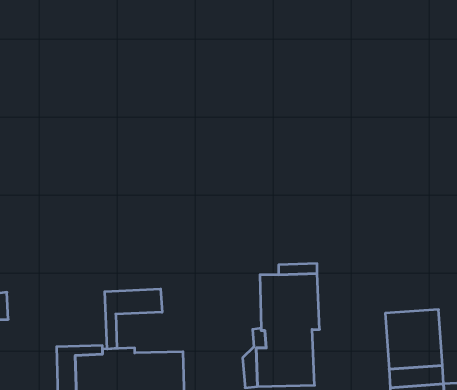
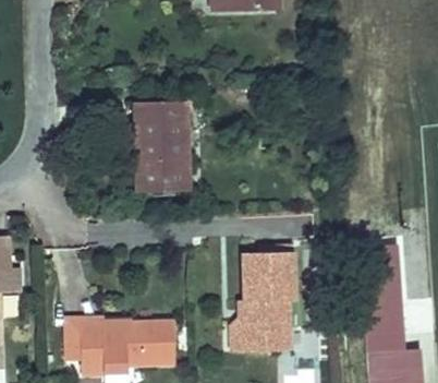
building: none -> [134,103,188,190]
building: [105,289,162,349] -> none

